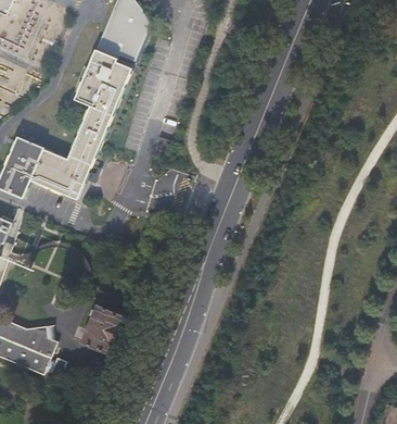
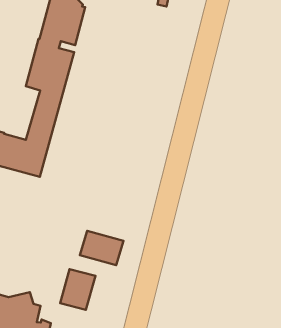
building: none -> [80,231,124,265]

